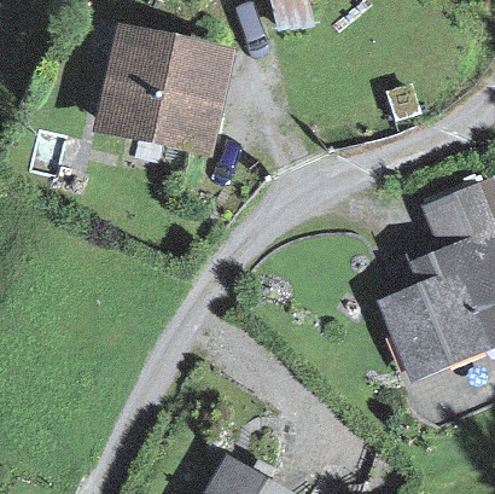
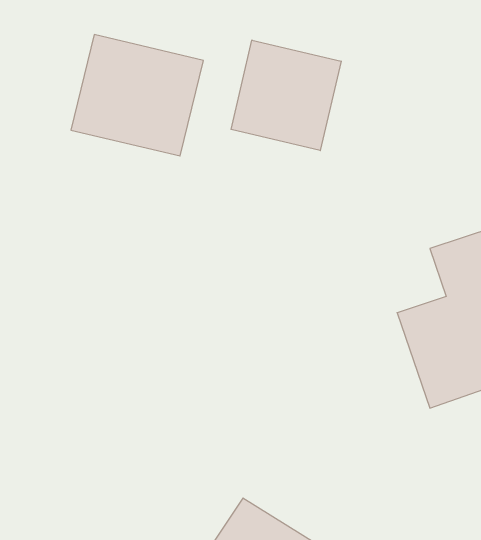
building: none -> [231,40,341,151]

